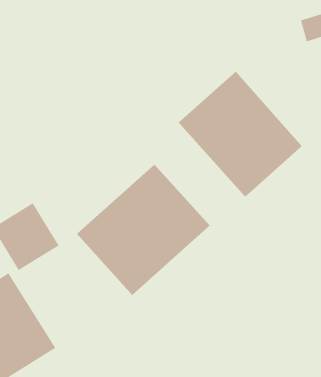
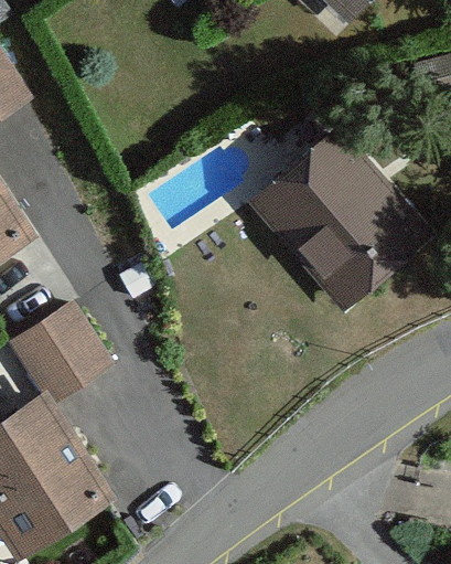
building: [76,164,211,296] -> none

